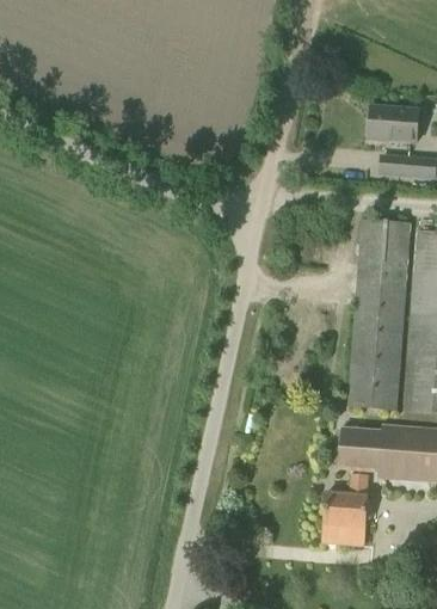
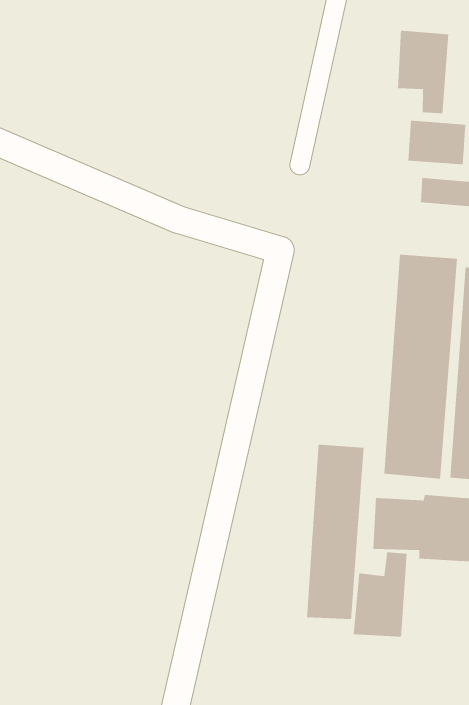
building: none -> [398,30,449,114]
building: none -> [307,444,364,620]

